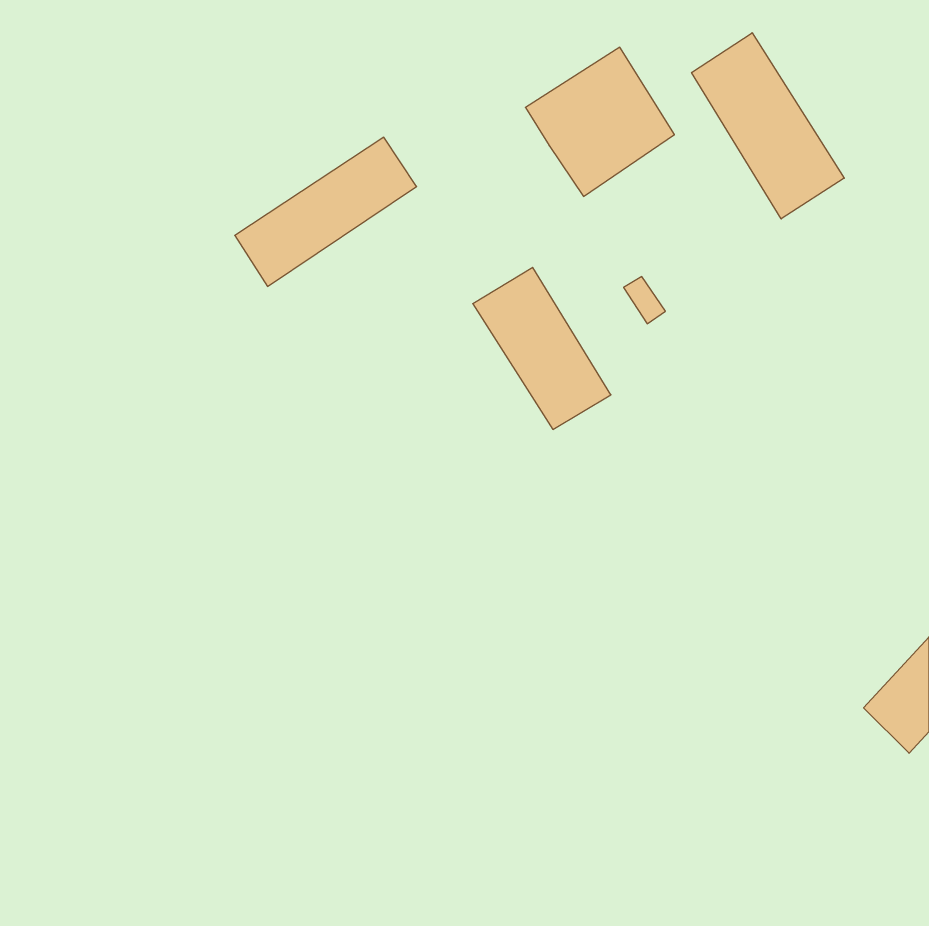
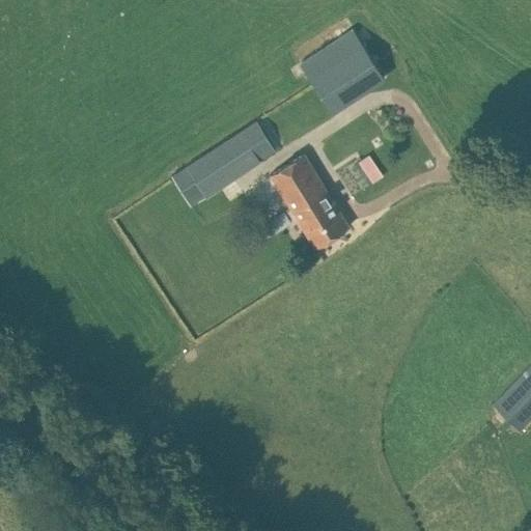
building: [692,33,844,219] -> none
building: [235,137,417,286] -> [171,122,275,207]

